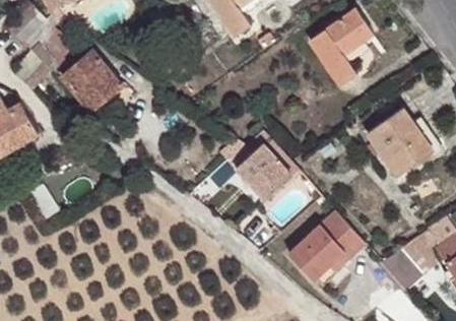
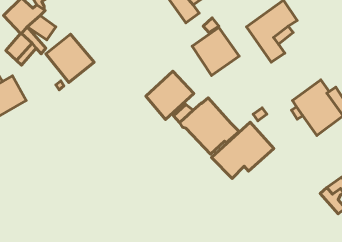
building: none -> [192,27,239,75]
building: none -> [146,71,194,120]
building: [287,210,365,280] -> [212,122,274,179]
building: [382,249,424,291] -> none

